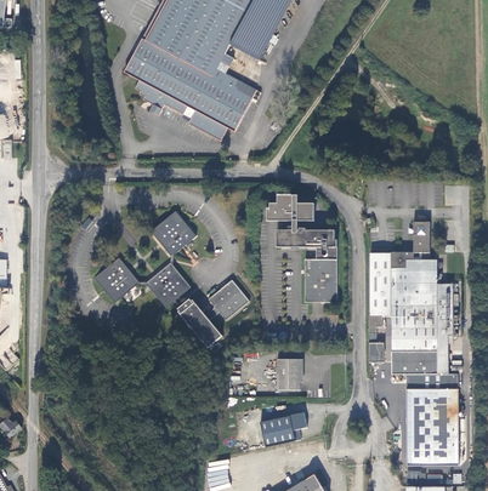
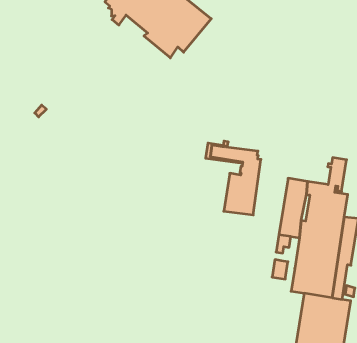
building: [265,192,312,223] -> none
building: [93,211,248,346] -> none
building: [278,356,301,387] -> none
building: [260,412,307,447] -> none

